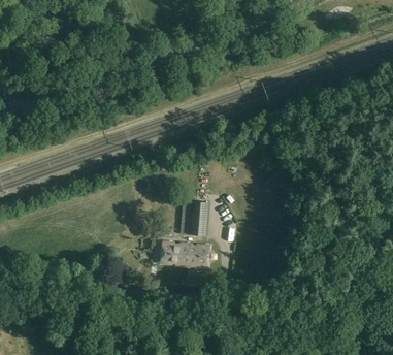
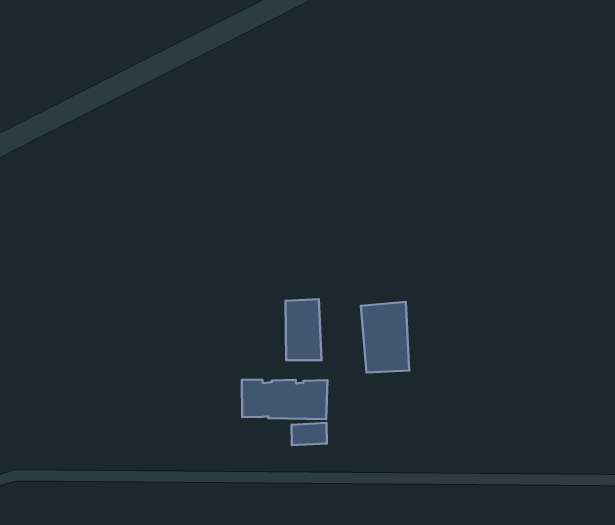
building: none -> [361,302,409,372]

